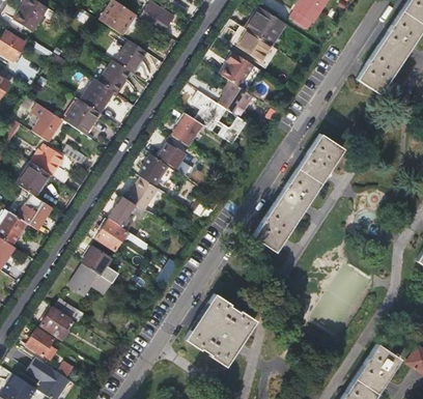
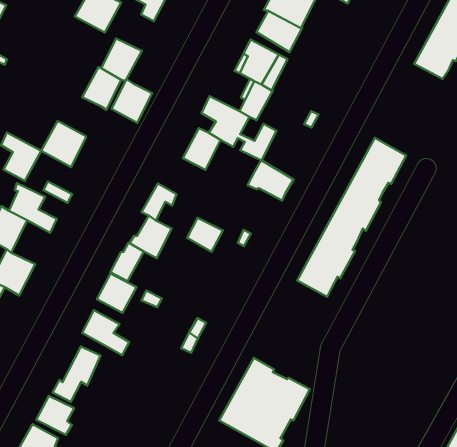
building: [81,78,113,112] -> [112,79,152,123]
building: [159,141,187,168] -> [187,218,223,252]
building: none -> [248,160,294,201]

